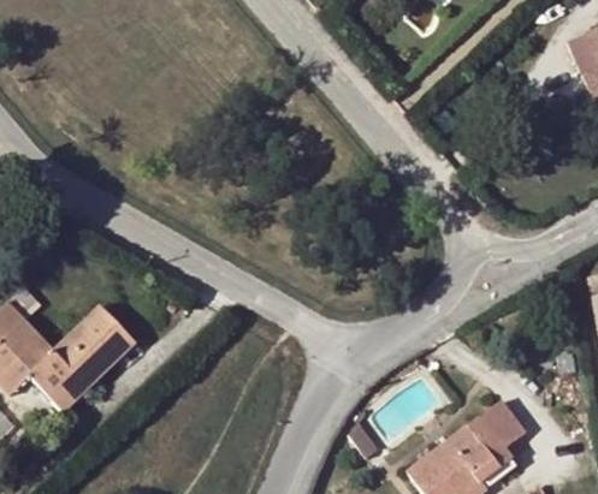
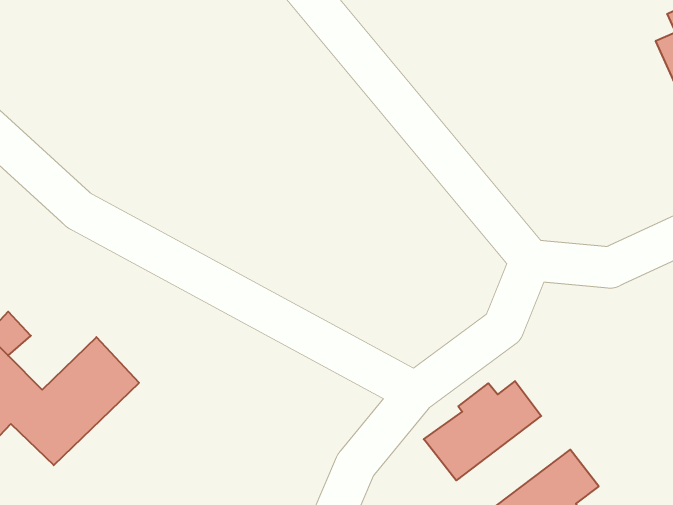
building: none -> [424,381,541,480]

